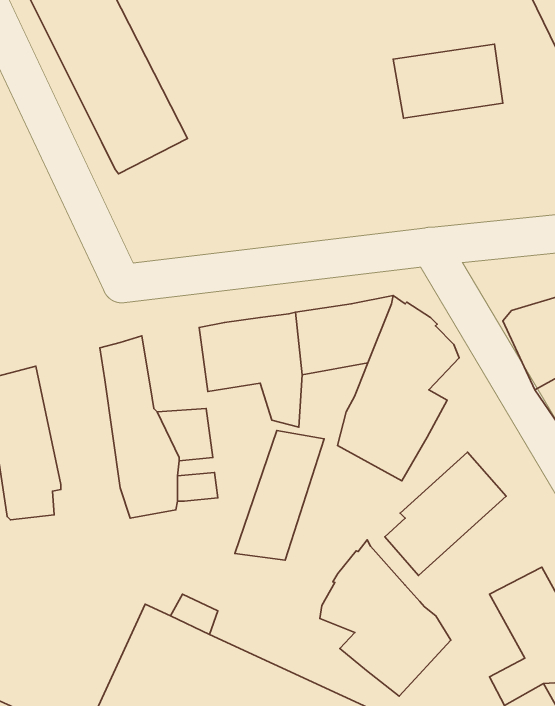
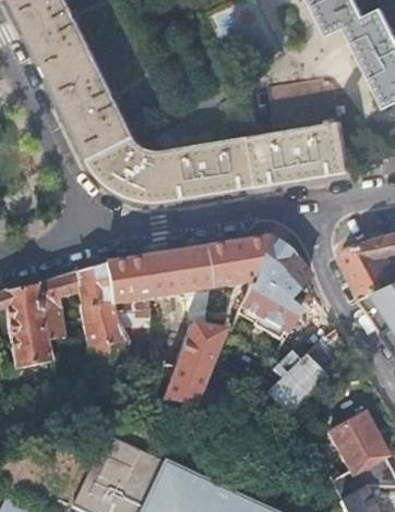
building: none -> [88,120,348,200]
building: none -> [104,258,146,304]
building: none -> [35,271,80,359]
building: [320,540,451,696] -> none

